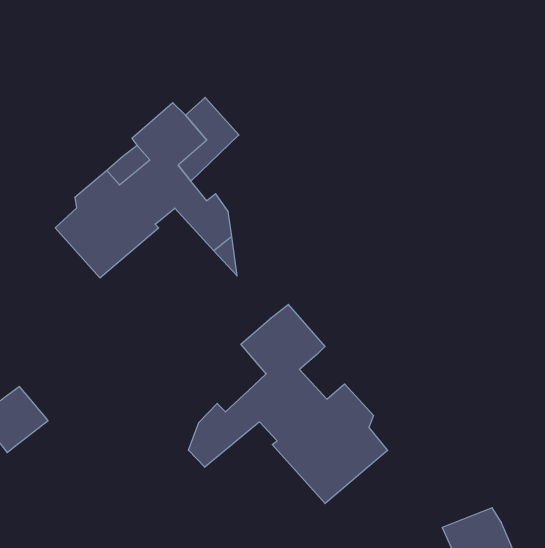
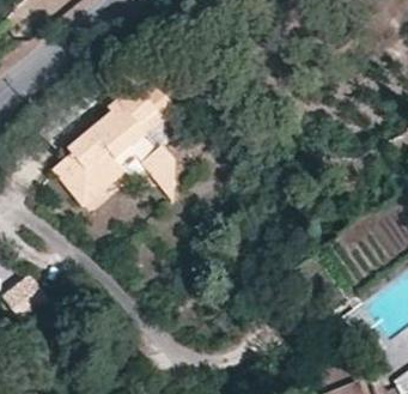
building: [188,304,388,504] -> none

